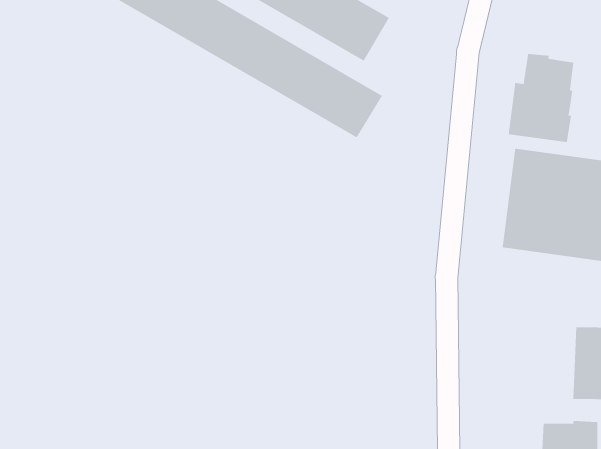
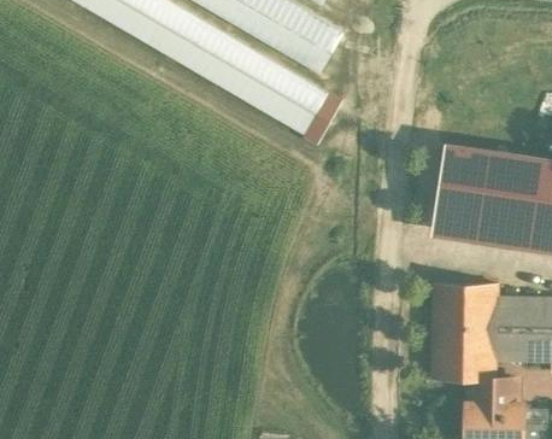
building: [508,53,574,143] -> none
building: none -> [433,283,498,380]

